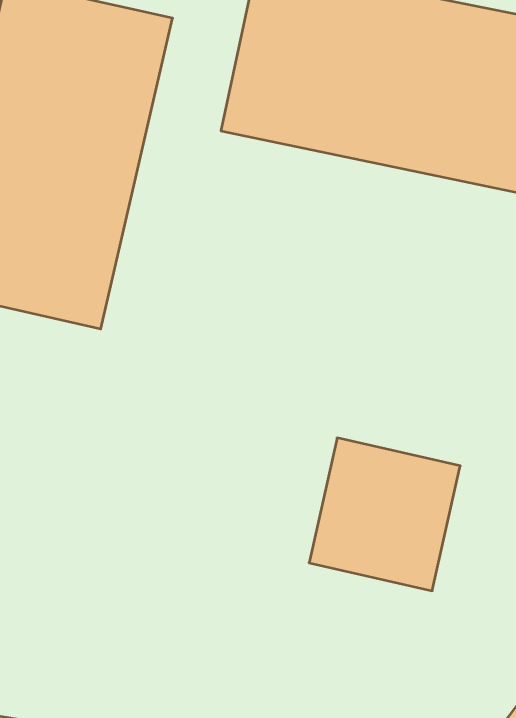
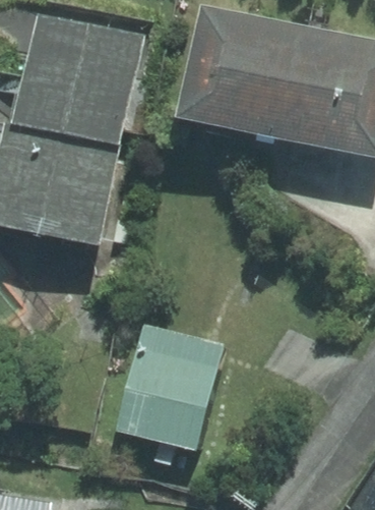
building: [309,438,460,591] -> [121,350,220,450]

